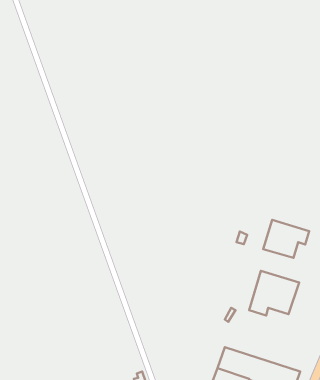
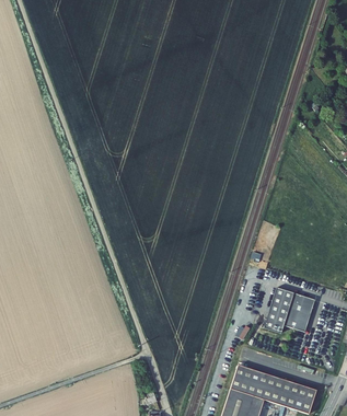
building: [263,220,309,258] -> none

